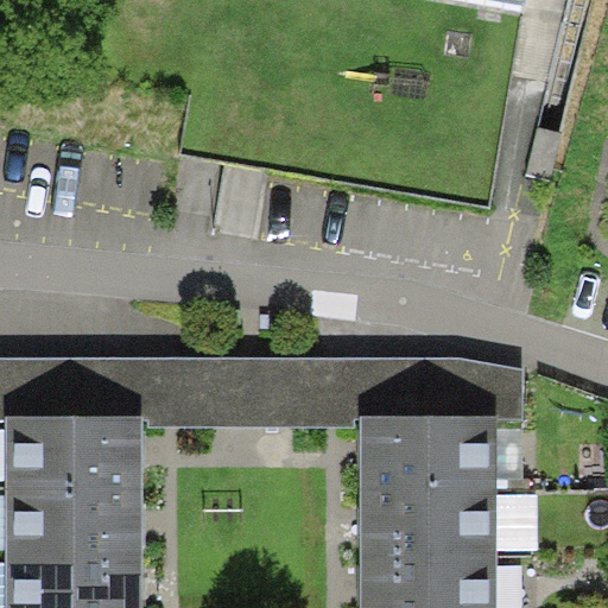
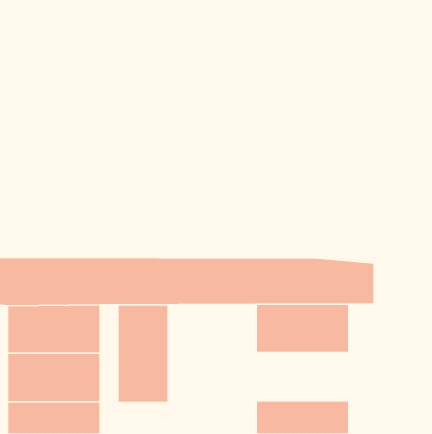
building: none -> [118,305,168,403]
building: [359,493,488,560] -> none

